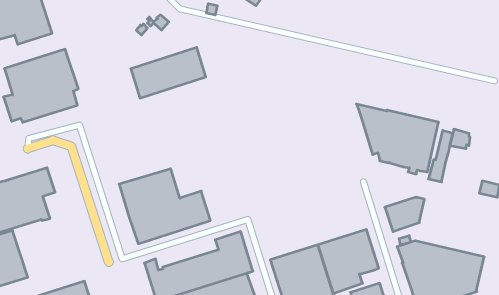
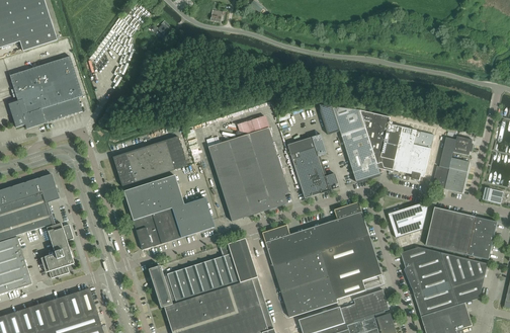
building: [131,47,206,98] -> [111,136,186,186]
building: none -> [318,104,379,181]
building: none -> [206,128,288,221]
building: none -> [286,134,337,198]
building: none -> [444,158,470,193]
building: none -> [262,201,369,266]
building: none -> [425,207,497,259]
building: none -> [39,223,73,278]

